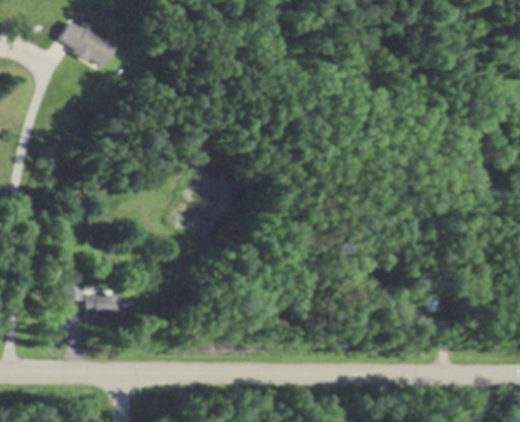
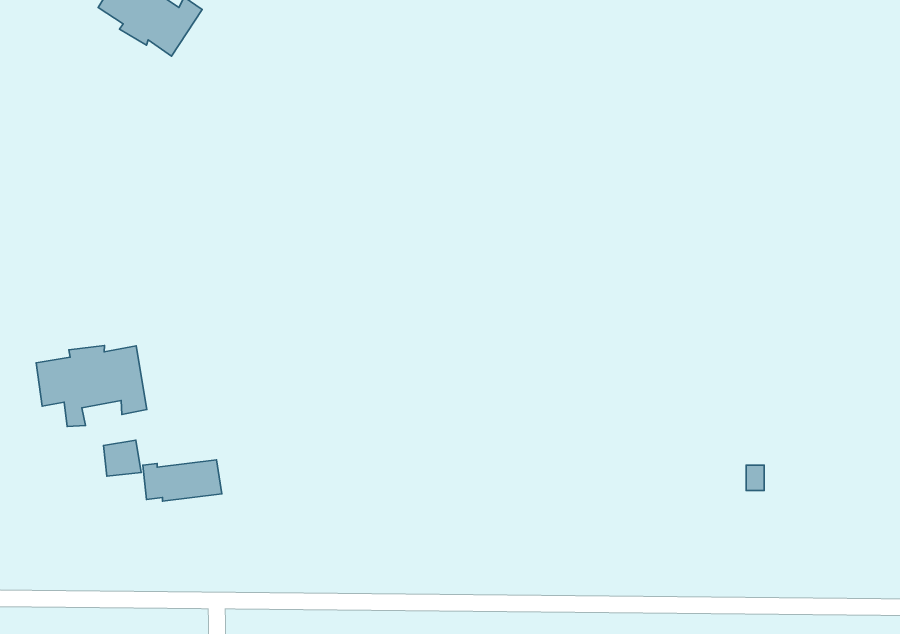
building: none -> [36,345,147,426]

